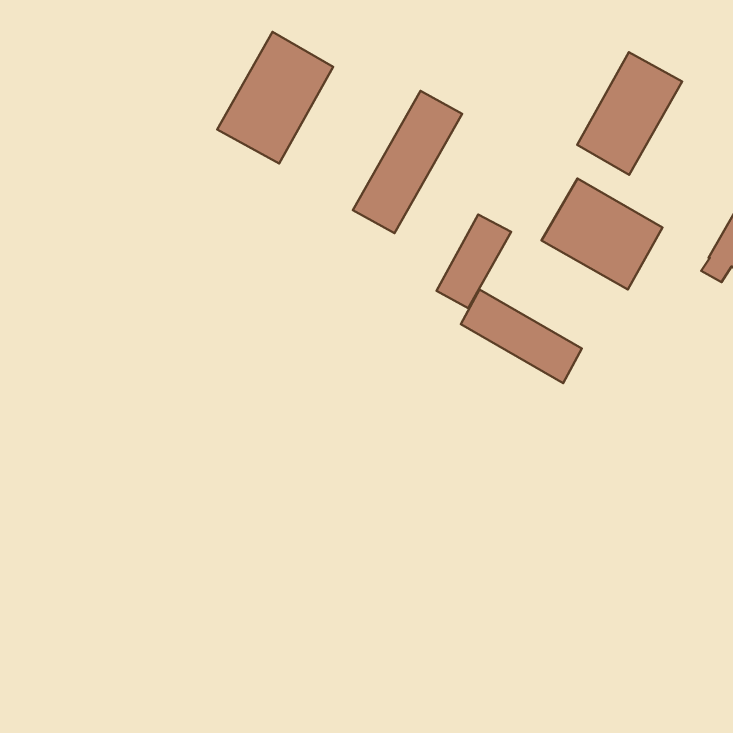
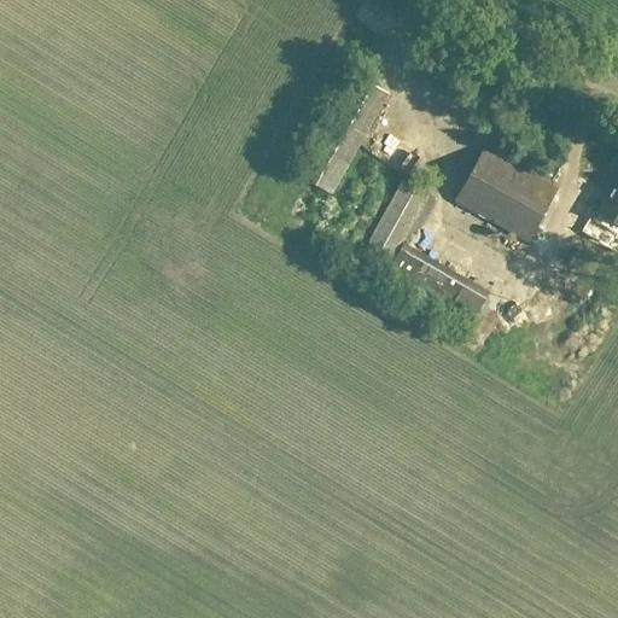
building: [217,32,333,164] -> none
building: [577,52,682,175] -> none

